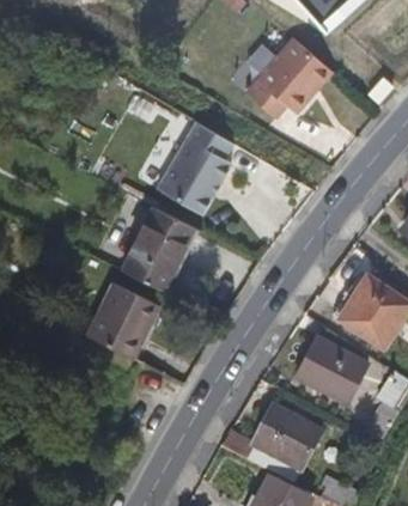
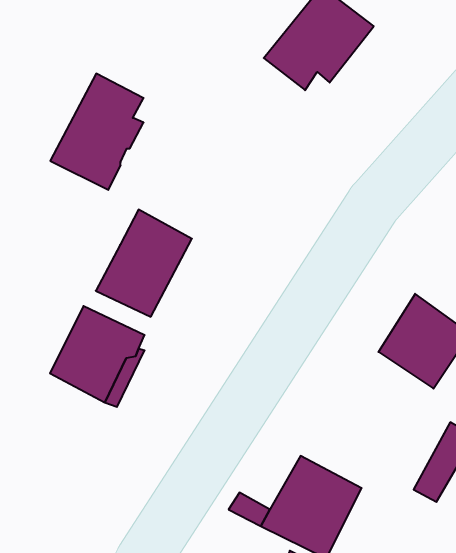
building: [153,124,226,215] -> [50,74,144,190]
building: [296,331,370,403] -> none

